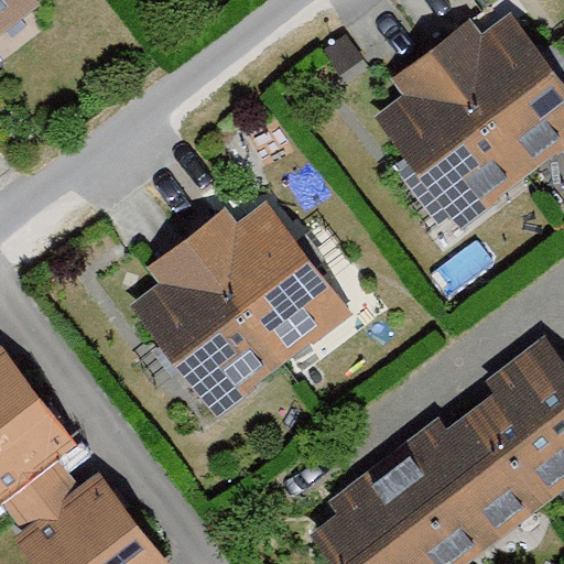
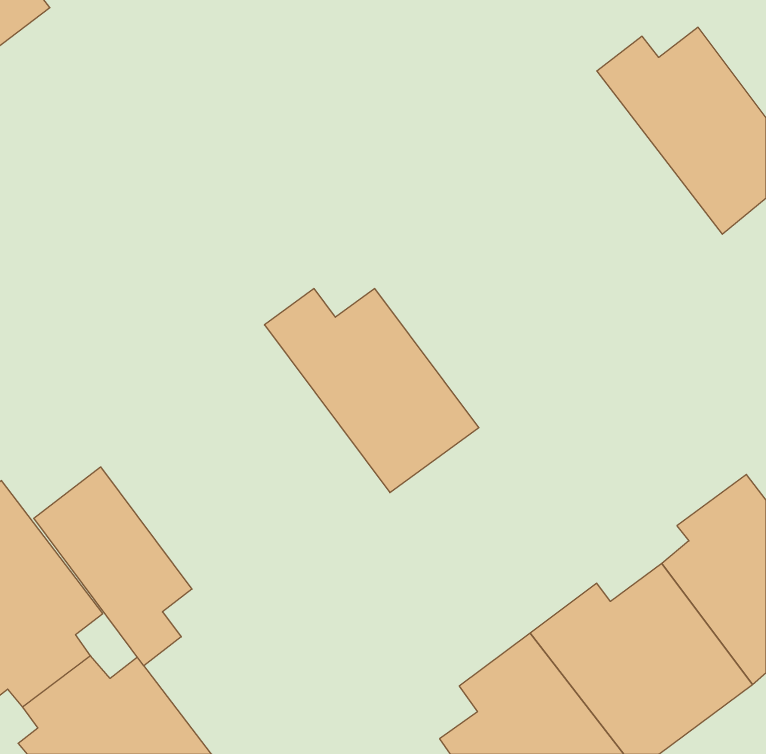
building: [380,52,527,221] -> none
building: [134,237,284,413] -> none
building: none -> [34,467,192,666]

